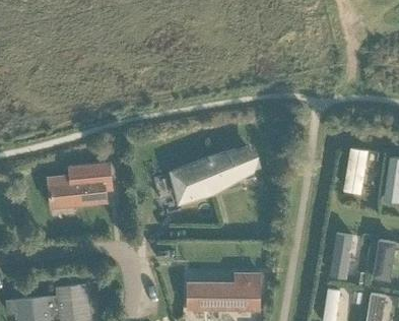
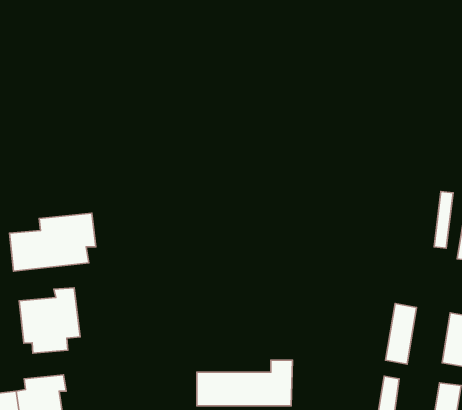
building: [344,145,369,192] -> none
building: [172,146,253,202] -> none
building: none -> [19,288,80,353]

